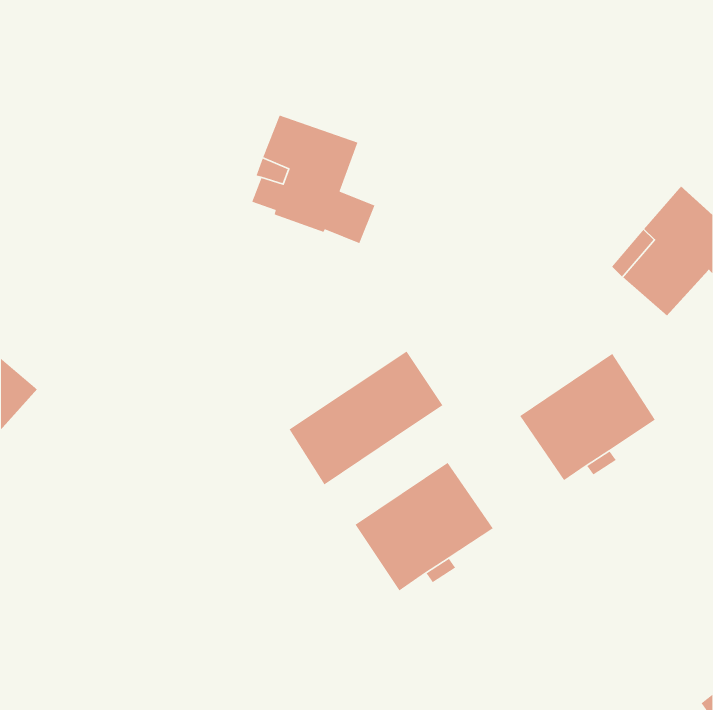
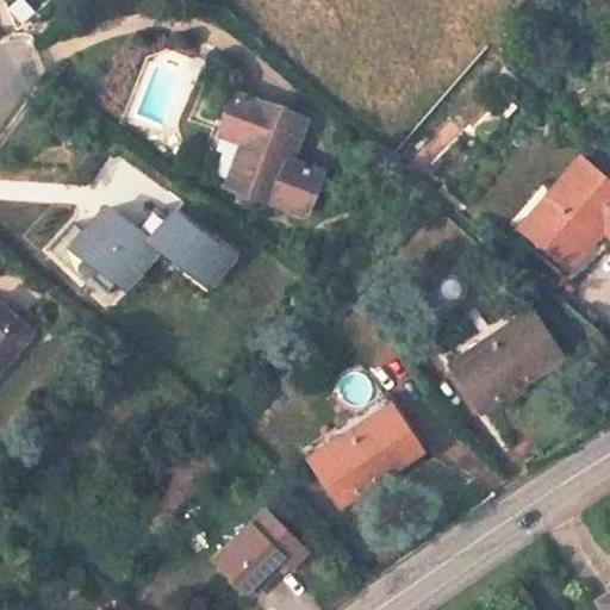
building: none -> [77,207,228,292]
building: [288,350,444,486] -> none
building: none -> [214,513,305,593]

